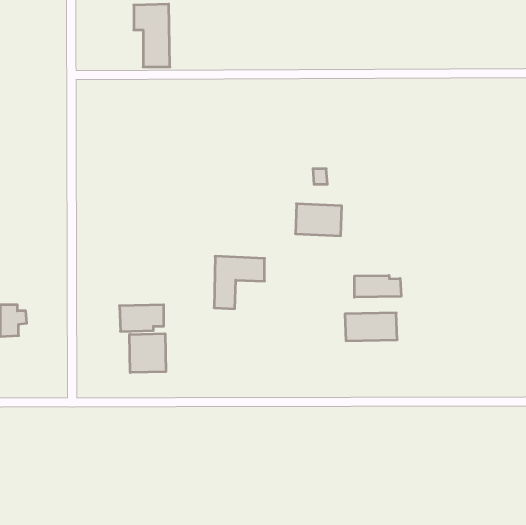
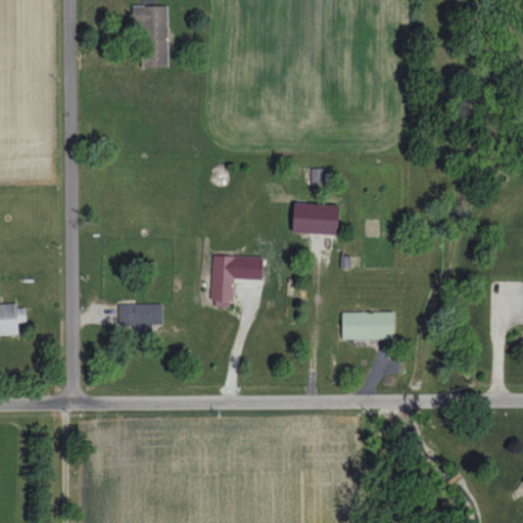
building: [354,275,401,297] -> none
building: [130,334,166,373] -> none

